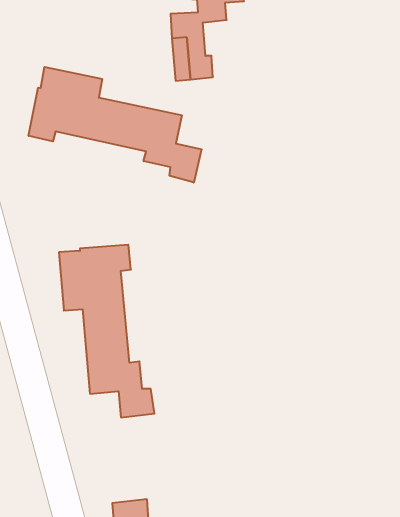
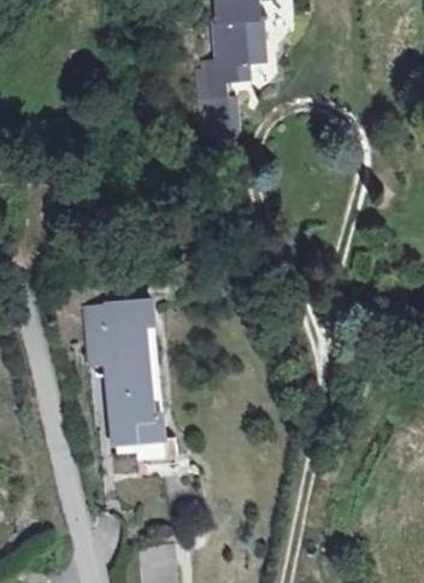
building: [29,67,202,183] -> none

